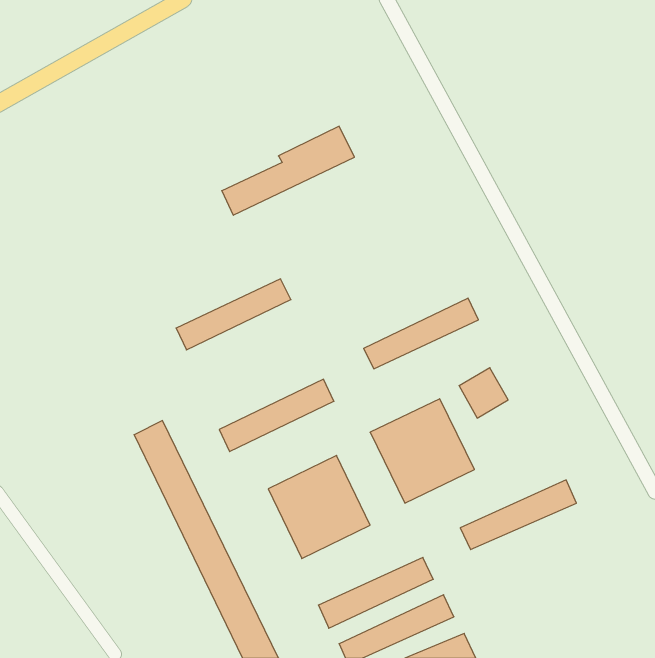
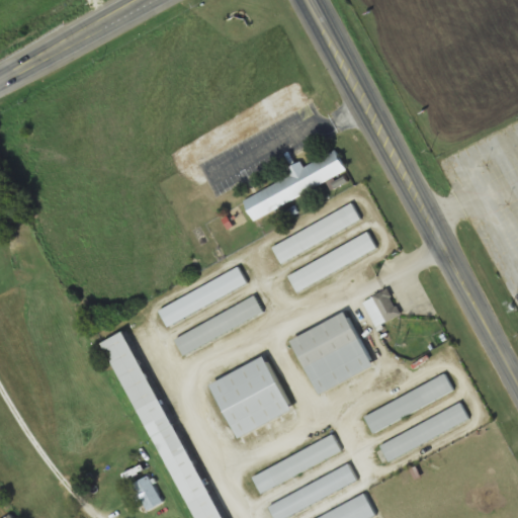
building: [222,126,354,215] -> [241,149,345,219]
building: none -> [269,205,359,261]
building: [176,279,291,350] -> [156,269,246,325]
building: none -> [377,406,467,460]
building: none -> [131,477,160,511]

